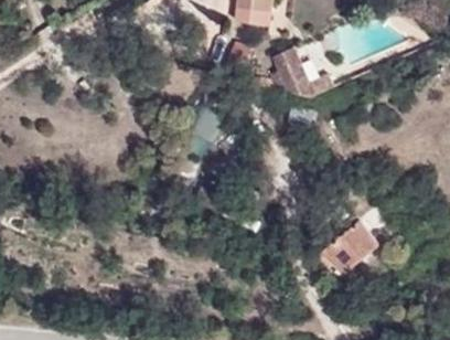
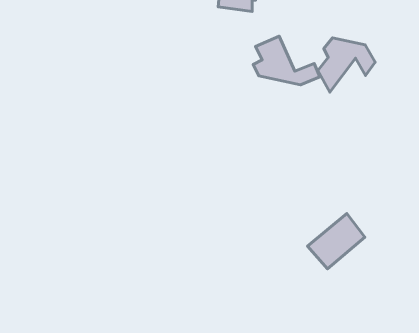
building: none -> [318,38,375,92]

